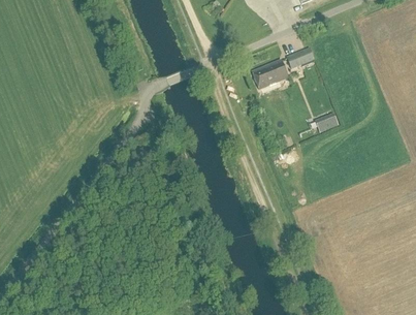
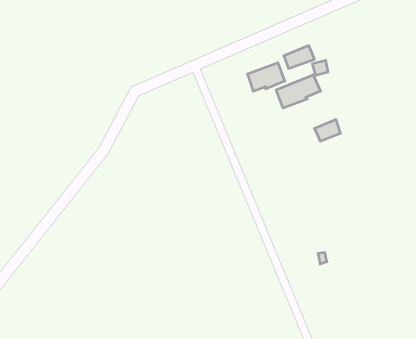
building: none -> [276,75,321,108]

